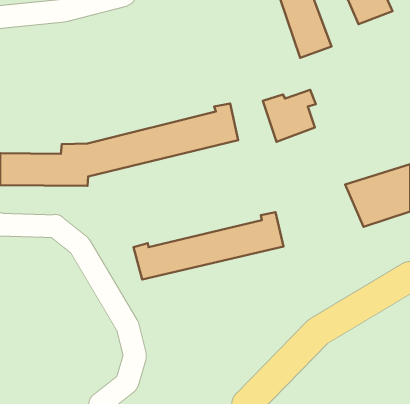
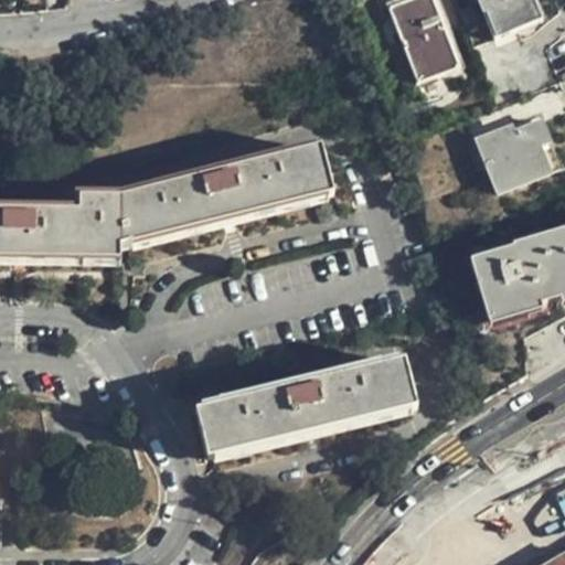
building: [263,90,316,142] -> [472,111,545,183]
building: [133,212,283,279] -> [202,356,408,449]

